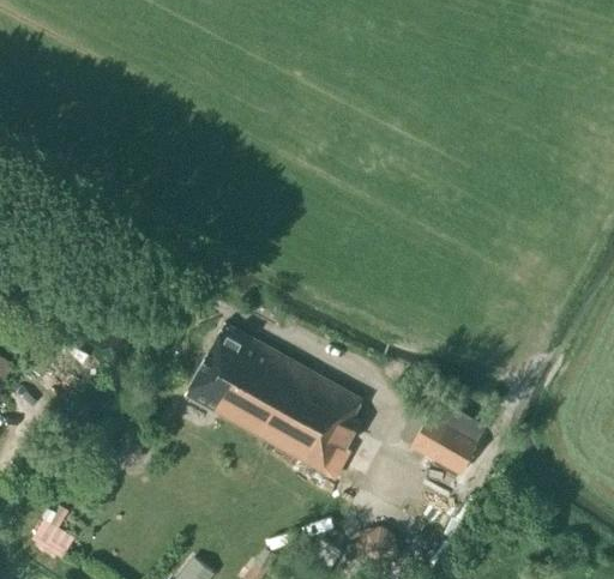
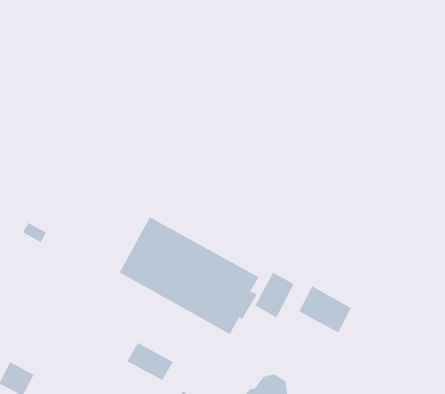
building: none -> [255,272,295,318]
building: none -> [127,342,173,381]

